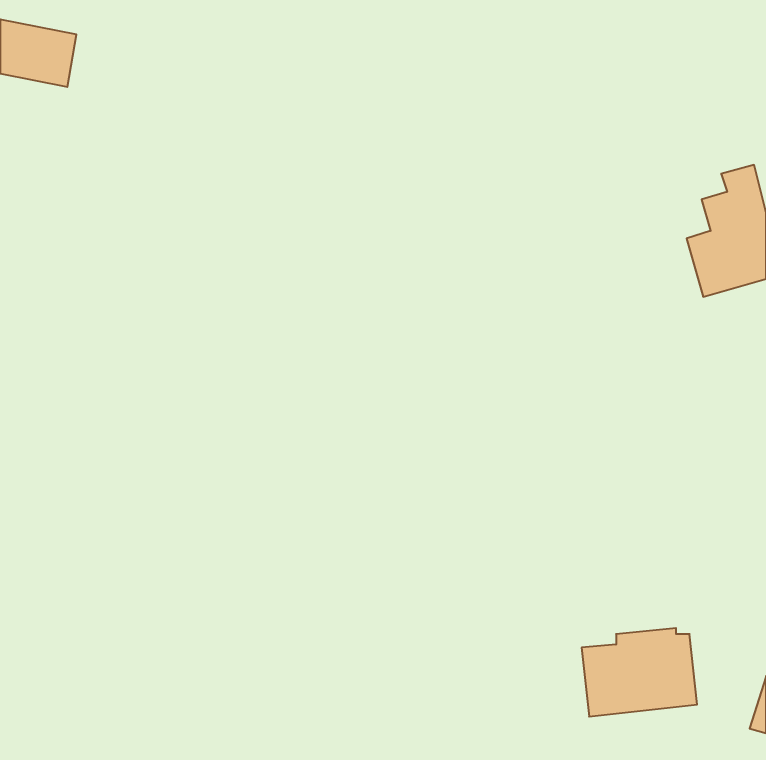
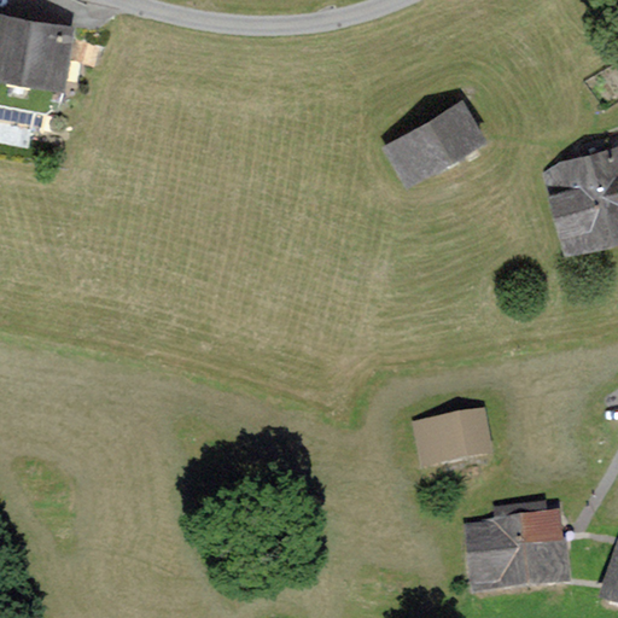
building: none -> [387,106,478,180]
building: none -> [416,415,485,462]

